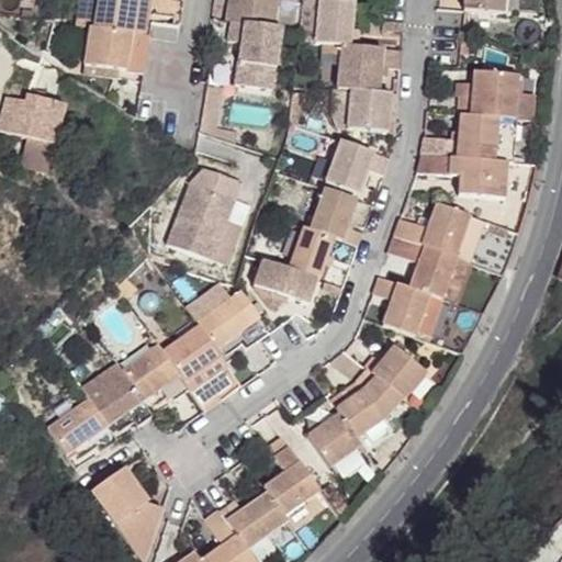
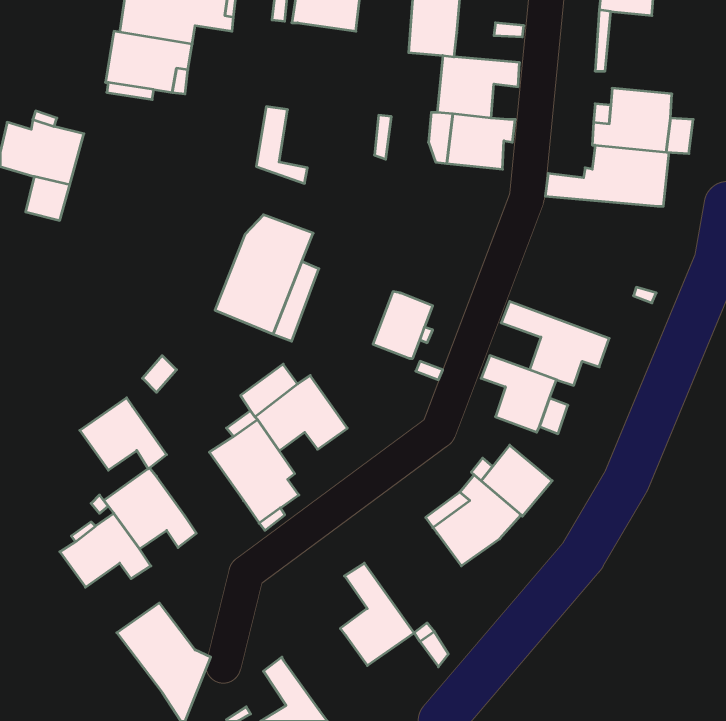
building: [227,18,283,88] -> none
building: [325,138,390,192] -> none
building: [417,151,508,196] -> none
building: [310,186,363,245] -> none
building: [394,202,485,261] -> none
building: [254,257,317,307] -> none
building: [122,342,189,398] -> [80,398,167,470]
building: [307,412,362,465] -> none
building: [220,491,289,548] -> none

